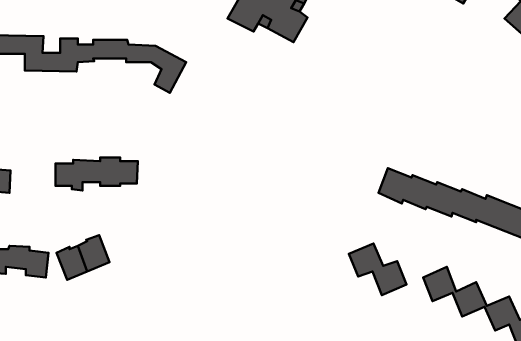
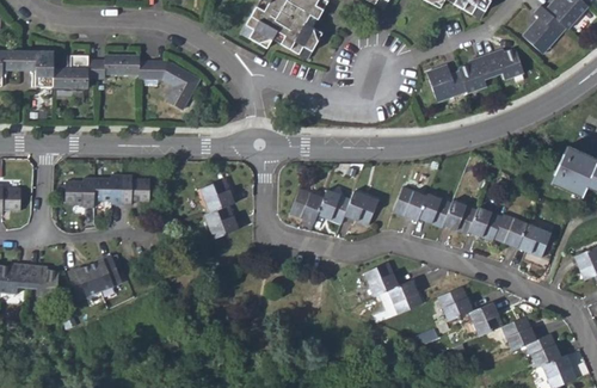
building: none -> [425,47,524,100]
building: none -> [201,179,239,238]
building: none -> [290,187,378,224]

